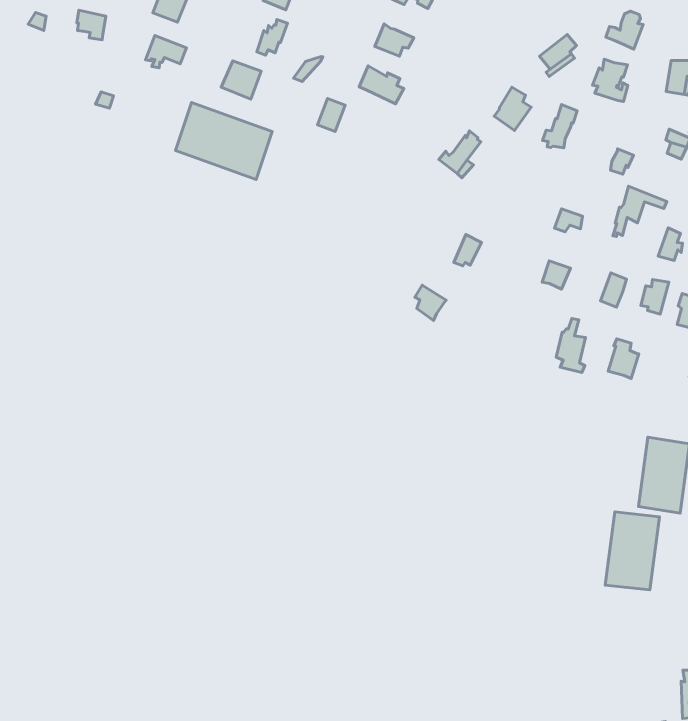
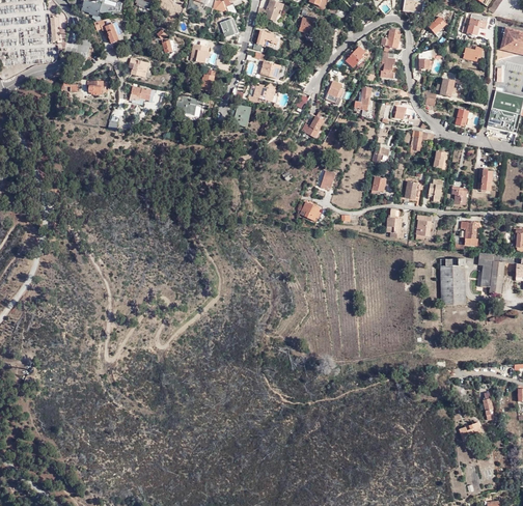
building: [176,103,272,179] -> none
building: [605,512,660,590] -> none

